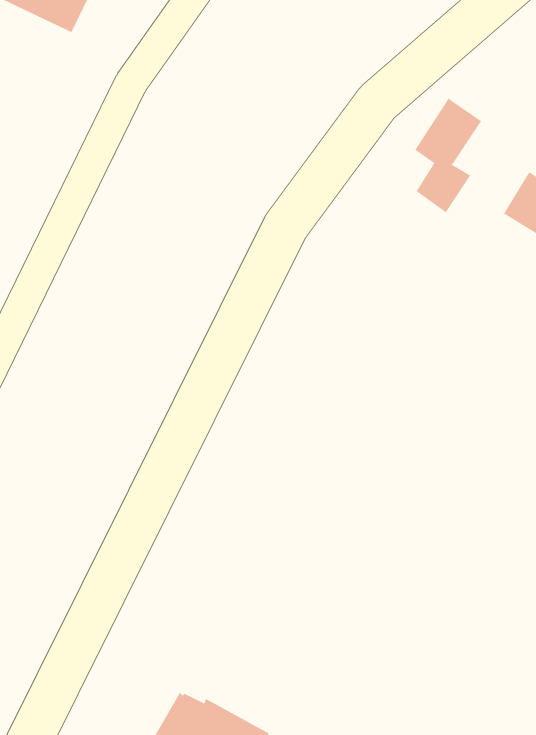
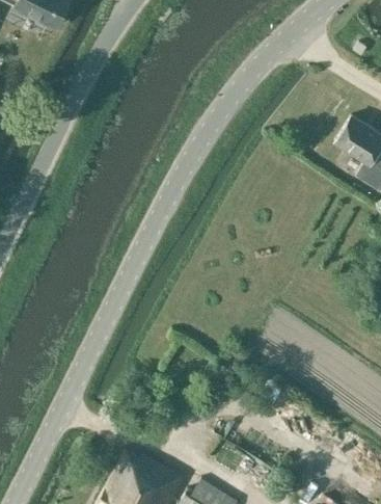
building: [415,98,482,213] -> none

